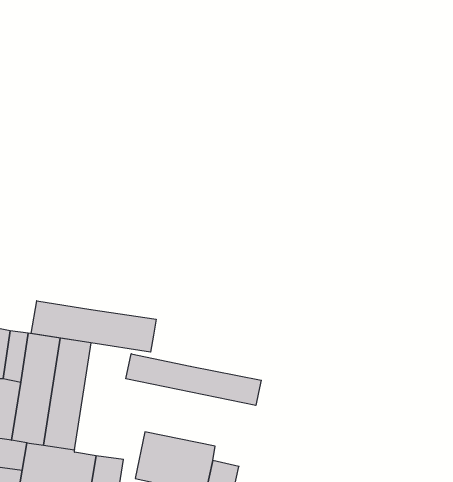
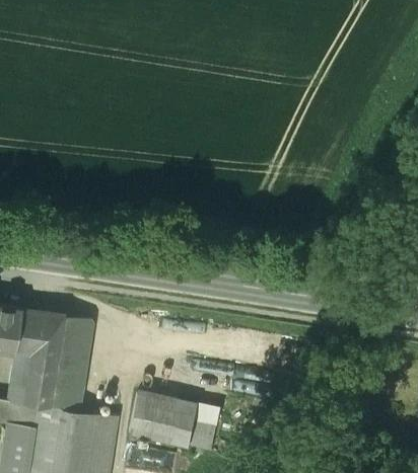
building: [31,301,156,352] -> none
building: [126,354,261,405] -> none

